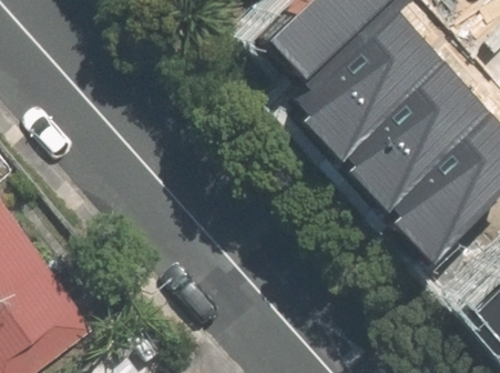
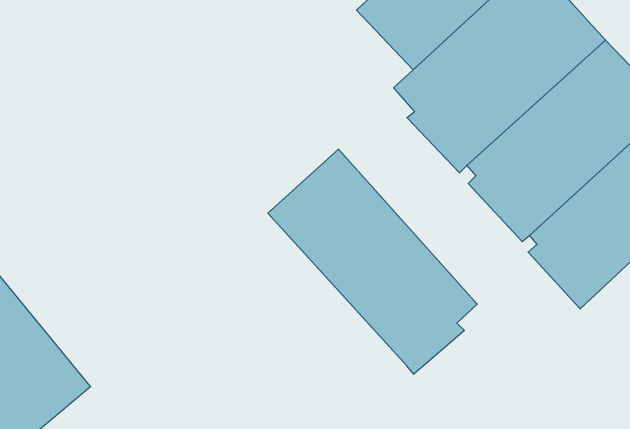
building: none -> [268,149,477,374]

